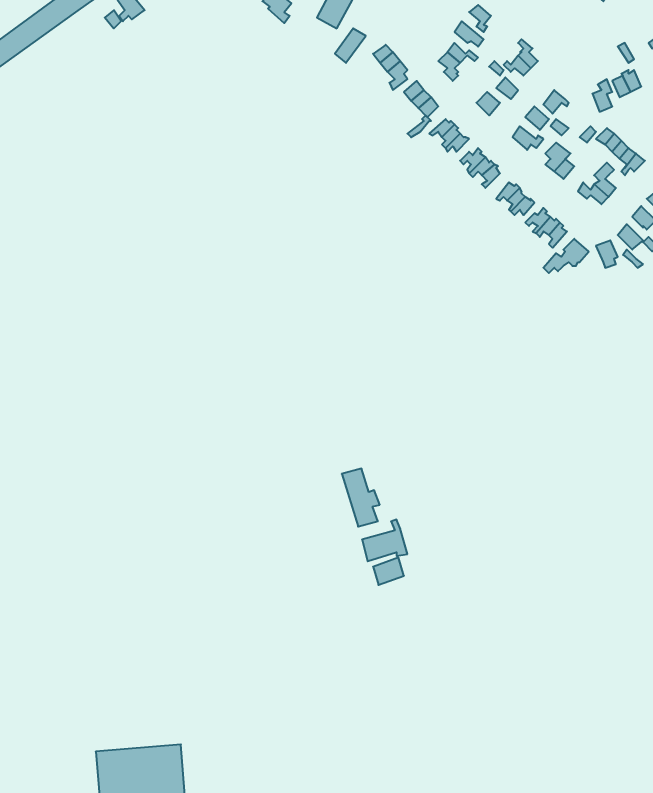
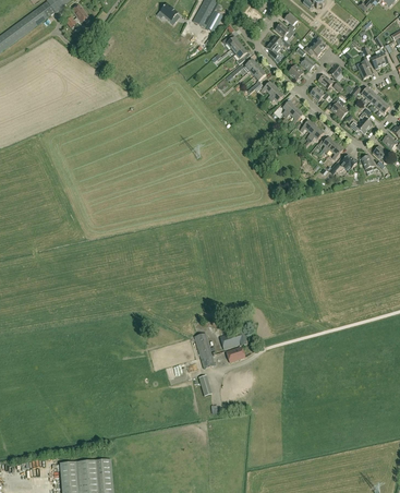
building: [342,469,380,527] -> [194,333,217,368]

